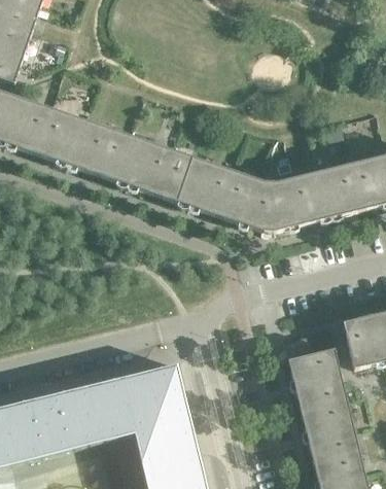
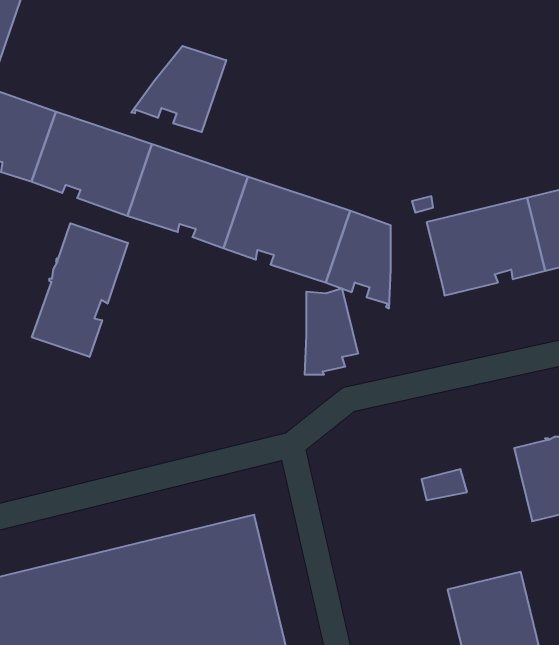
building: none -> [131,46,226,132]
building: [262,178,296,233] -> [305,288,358,375]
building: none -> [32,223,128,357]
building: [287,348,346,411] -> none

